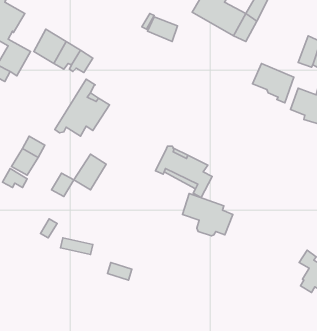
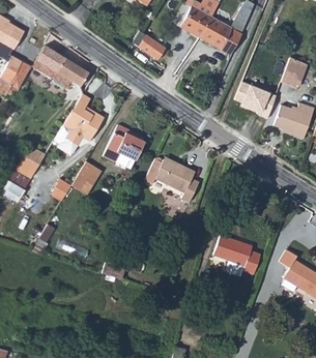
building: none -> [103,125,143,170]
building: [182,193,233,236] -> [212,236,259,275]

